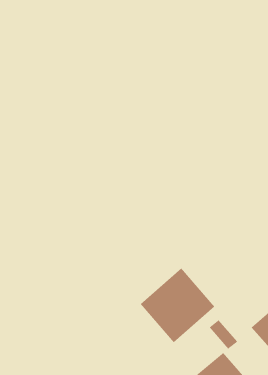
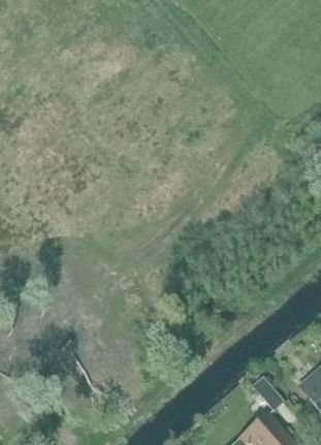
building: [140,267,215,343] -> none

